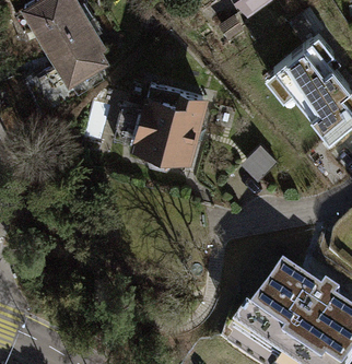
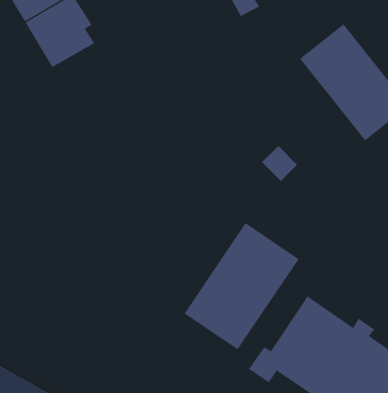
building: [110,80,201,161] -> none
building: none -> [184,222,300,350]

